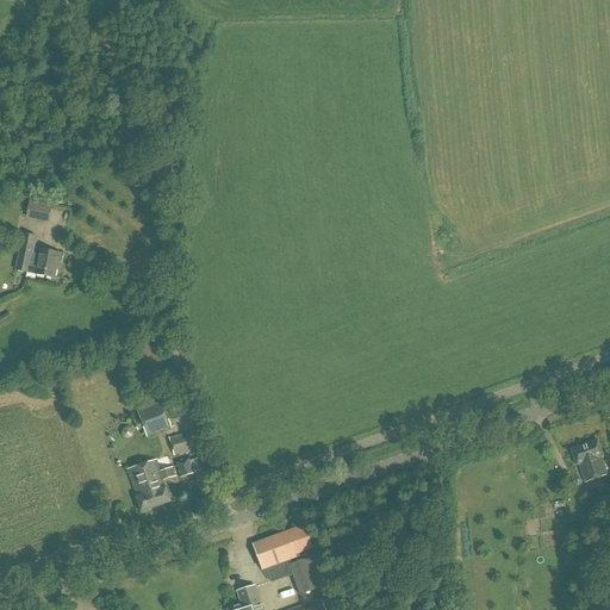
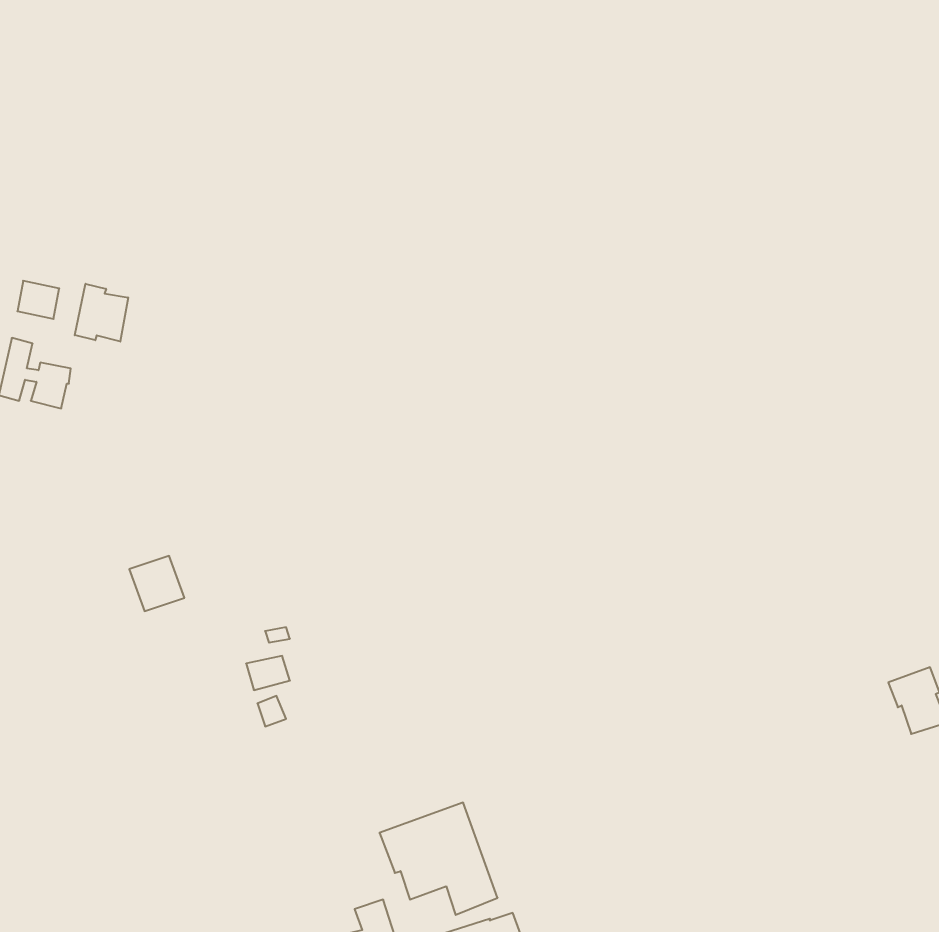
building: none -> [75,284,128,342]
building: [136,400,170,435] -> [129,556,184,611]
building: [127,458,175,510] -> none

